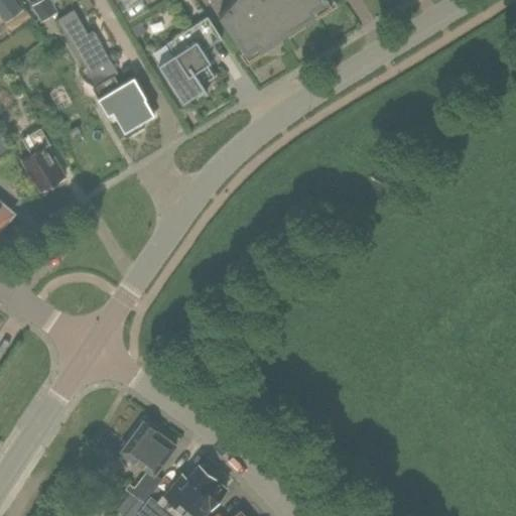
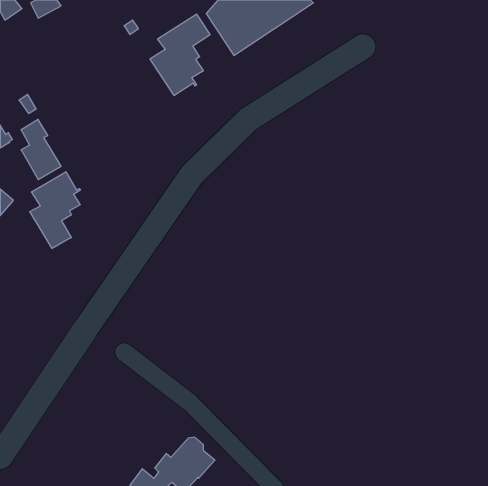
building: [56,10,153,138] -> none
building: none -> [30,172,80,248]
building: [121,421,176,504] -> none

